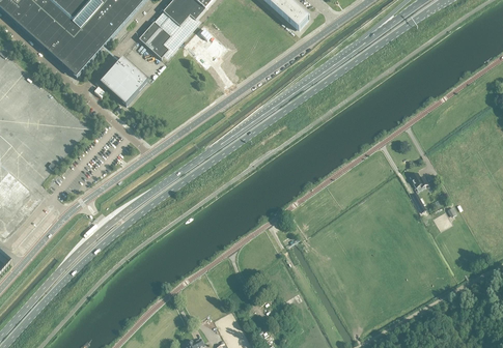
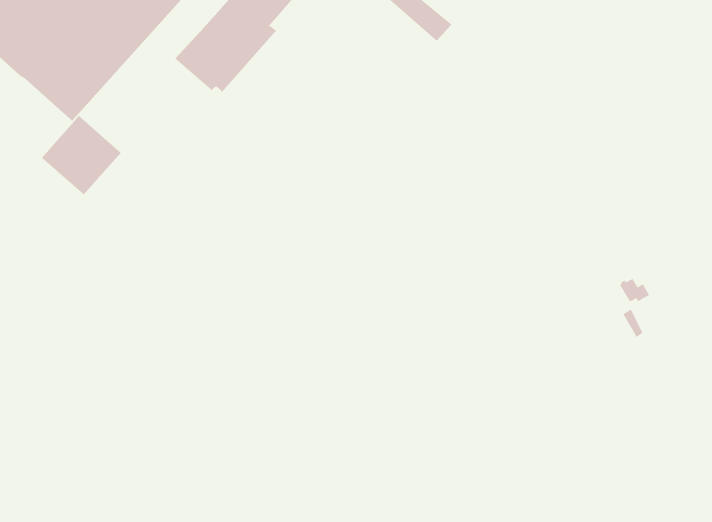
building: [100,54,148,103] -> [41,115,121,195]

